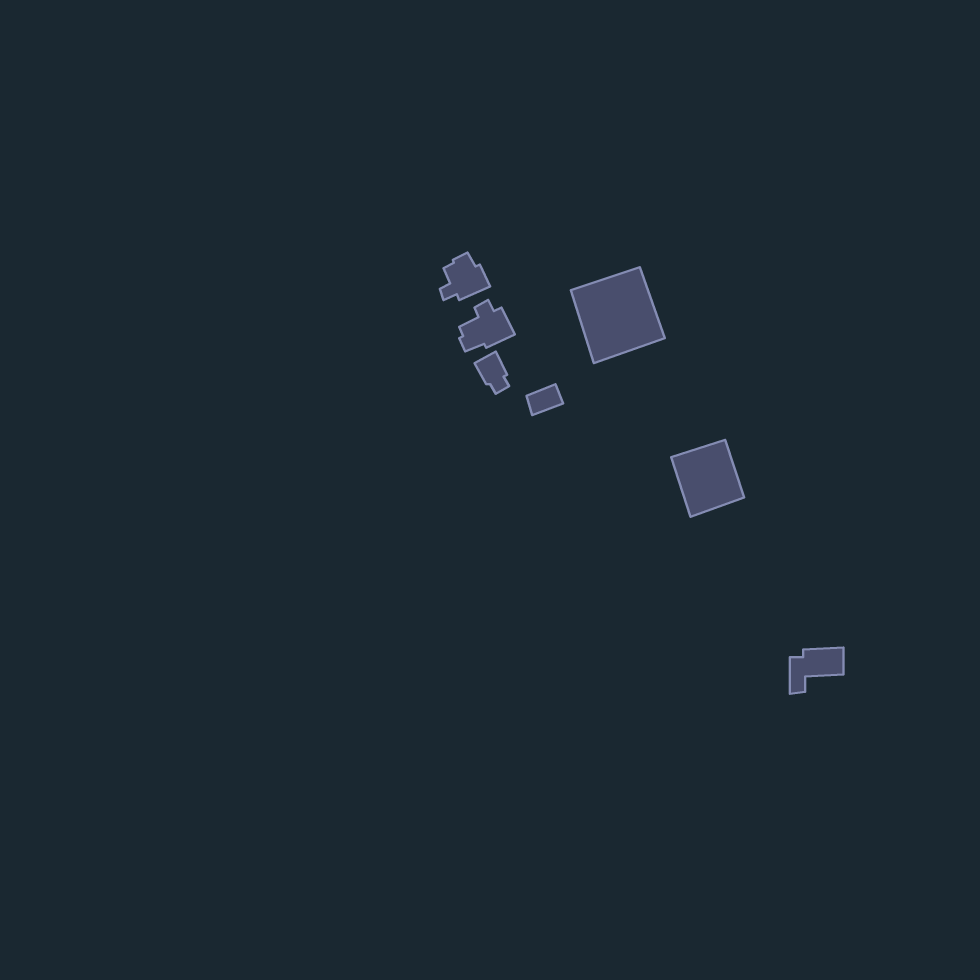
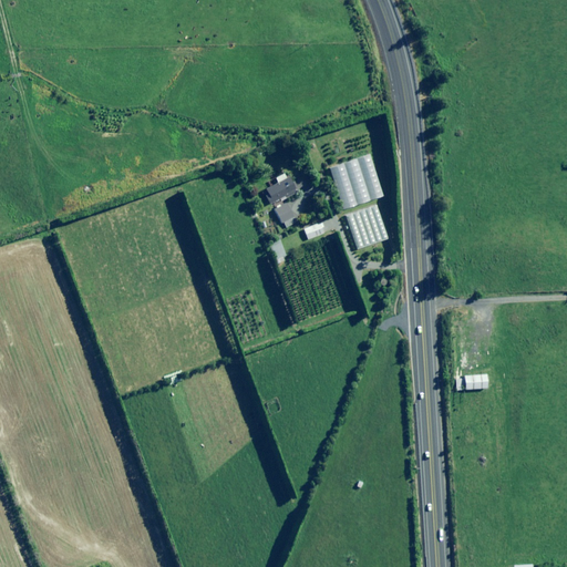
building: [440,252,490,300] -> none
building: [671,440,744,517] -> [347,205,389,249]

